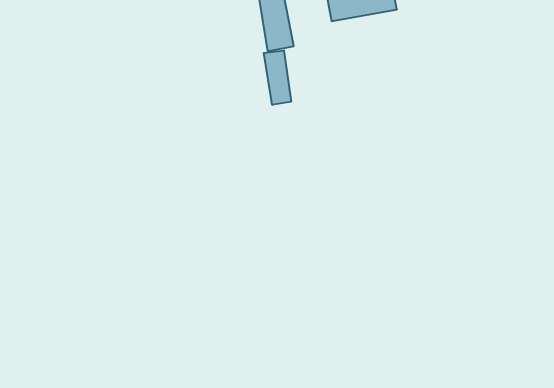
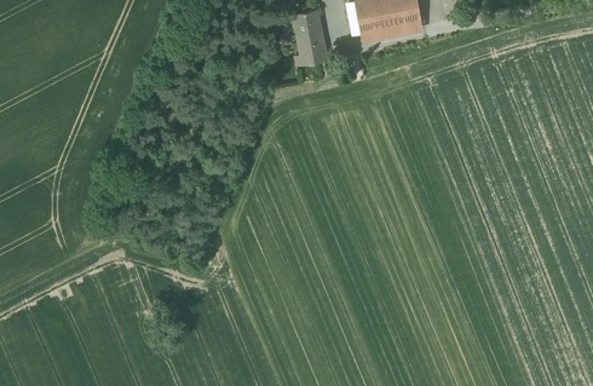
building: [264,50,291,105] -> none

